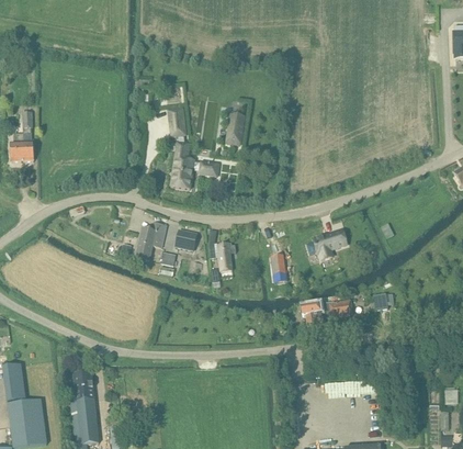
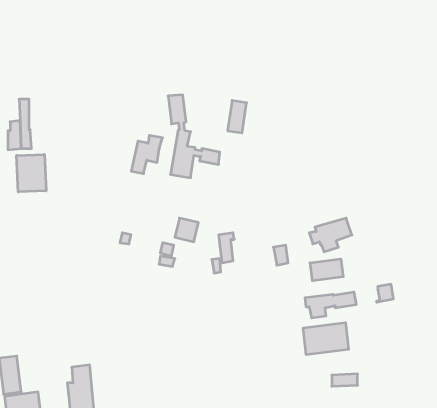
building: none -> [17,154,46,192]
building: [136,222,167,259] -> [131,135,163,174]
building: none -> [310,259,343,281]
building: none -> [303,323,349,355]

